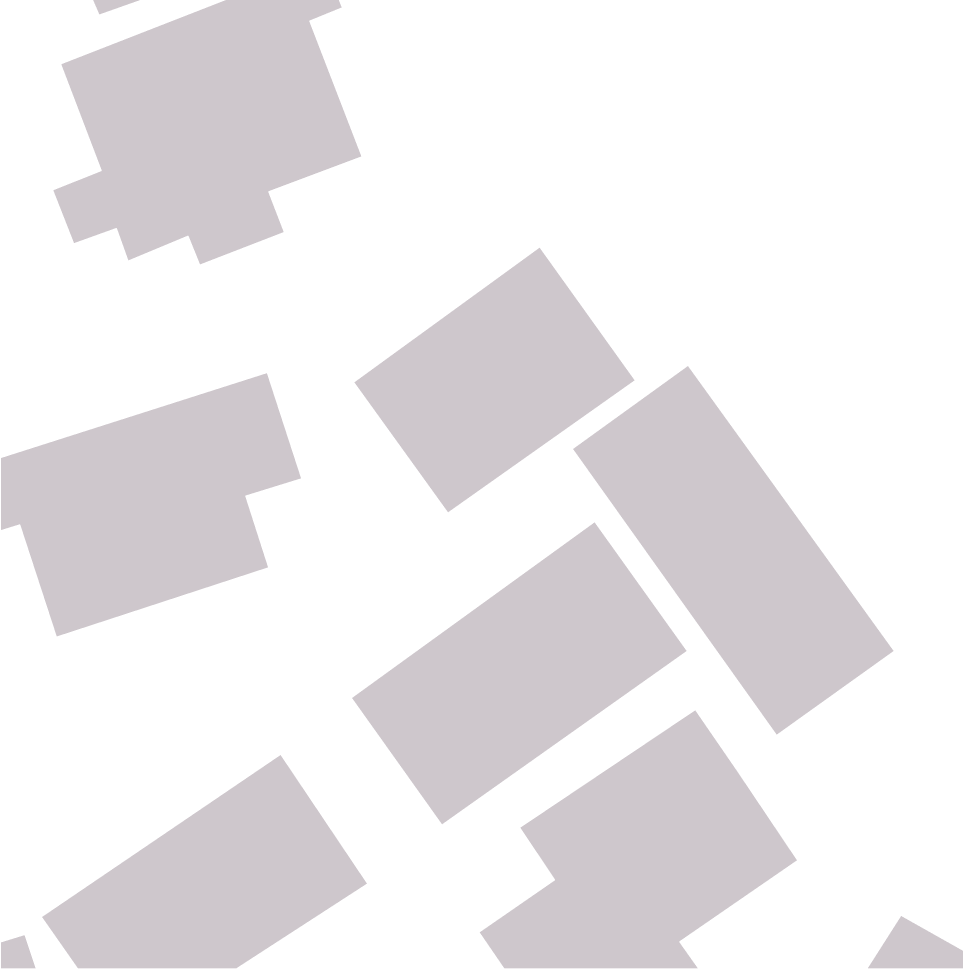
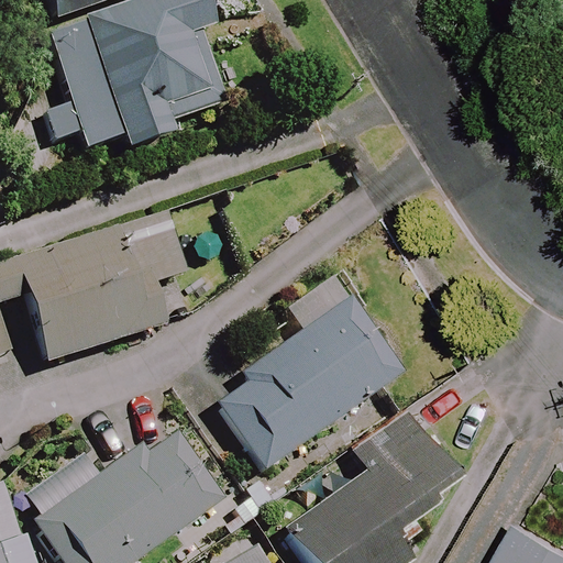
building: [353,246,636,514] -> none
building: [572,365,895,736] -> none

